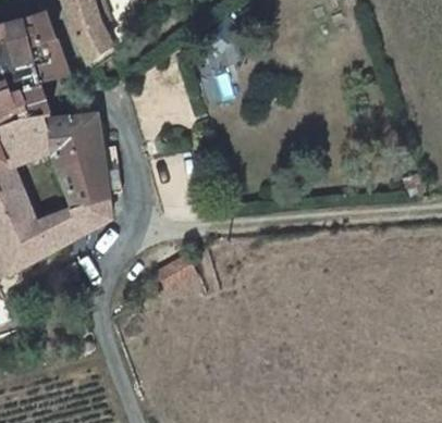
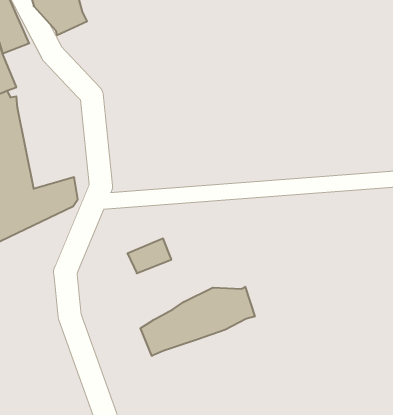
building: [53,114,108,204] -> none
building: none -> [140,287,255,356]

